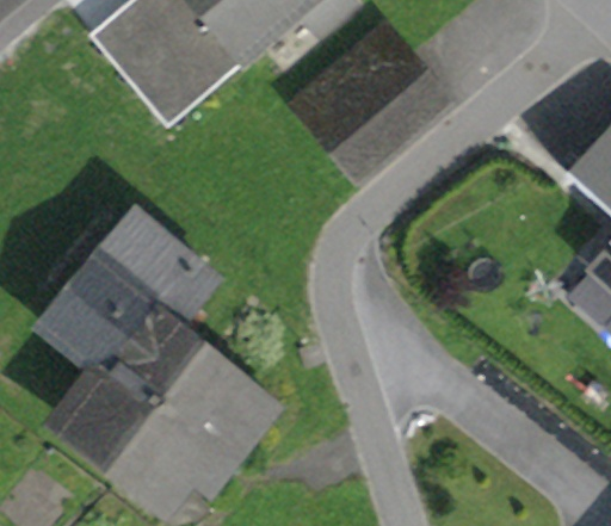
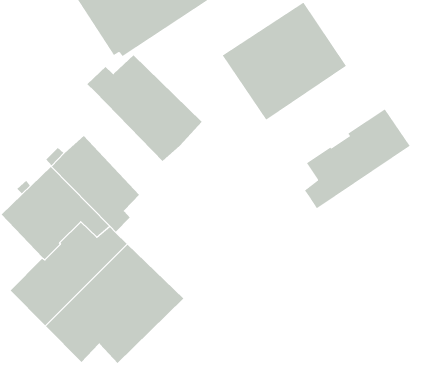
building: none -> [86,54,203,162]
building: none -> [304,108,410,209]

